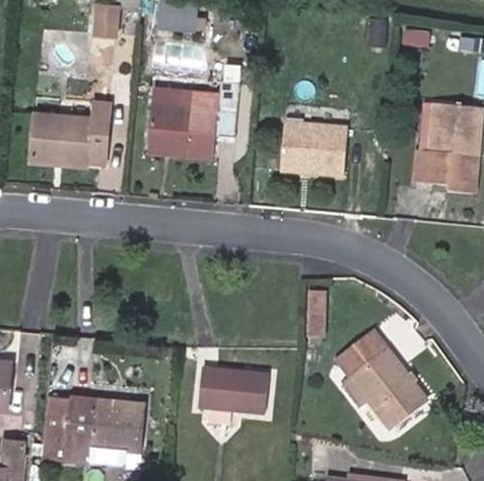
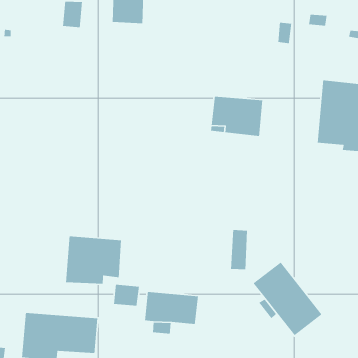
building: [149,81,236,151] -> none
building: [31,100,112,164] -> none
building: none -> [65,235,122,285]
building: none -> [113,284,140,307]

